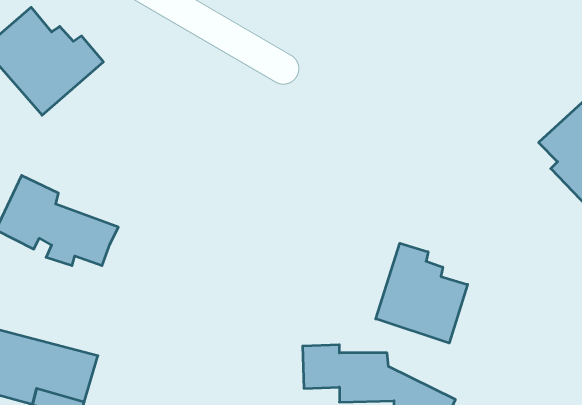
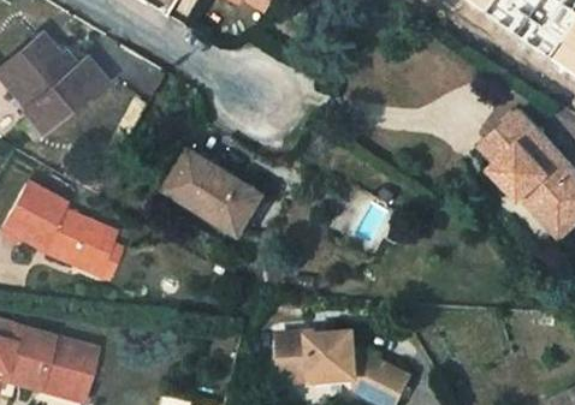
building: none -> [170,154,266,238]
building: [376,243,468,343] -> none

